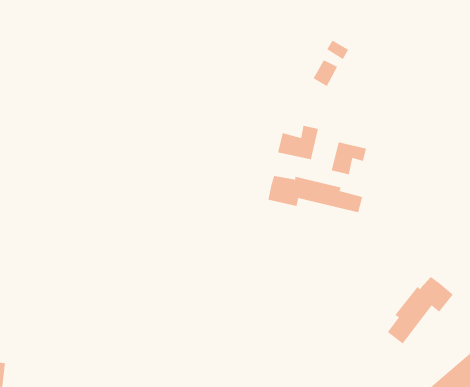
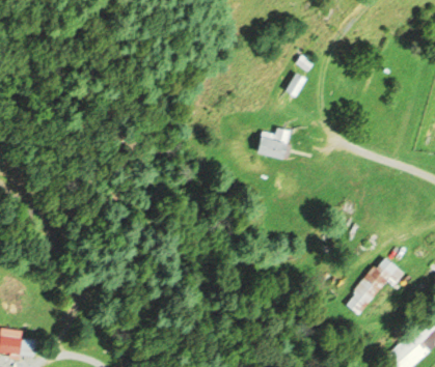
building: [331,141,367,175] -> none
building: [268,175,363,213] -> none

